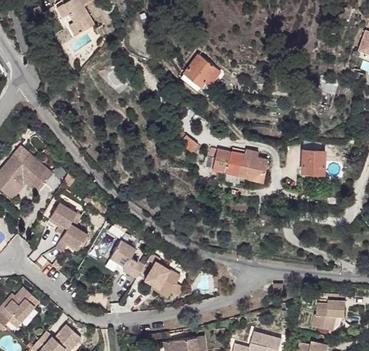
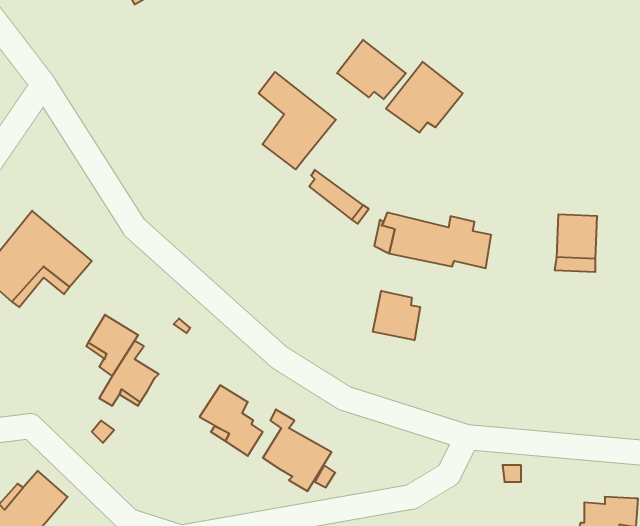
building: none -> [386,62,463,133]
building: none -> [259,72,336,169]
building: none -> [373,291,420,340]

